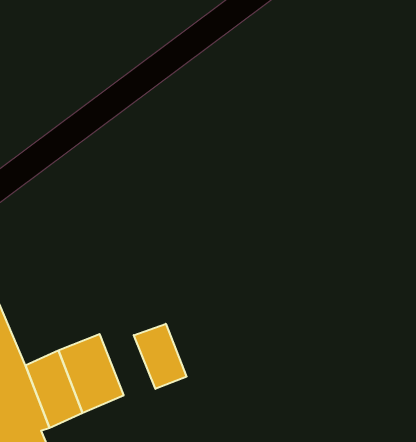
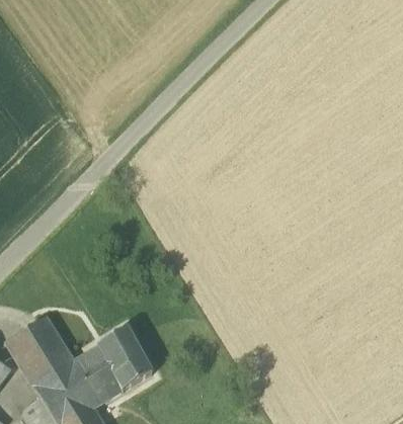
building: [134,324,187,389] -> none

